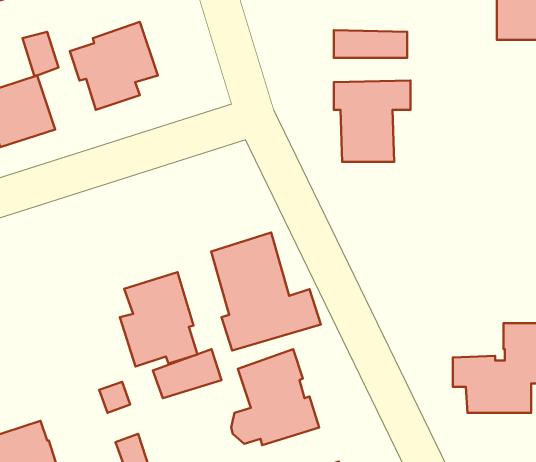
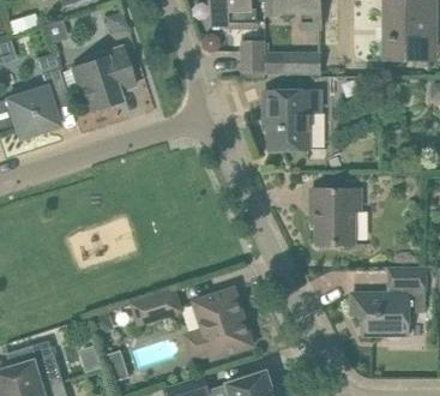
building: none -> [241,41,265,70]
building: none -> [312,188,361,244]
building: [211,233,321,350] -> none
building: [120,272,198,367] -> none

